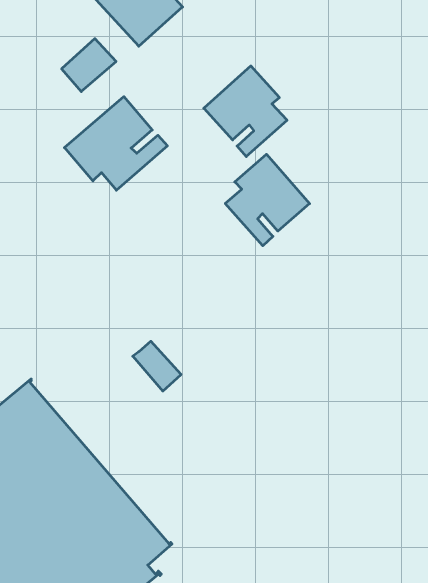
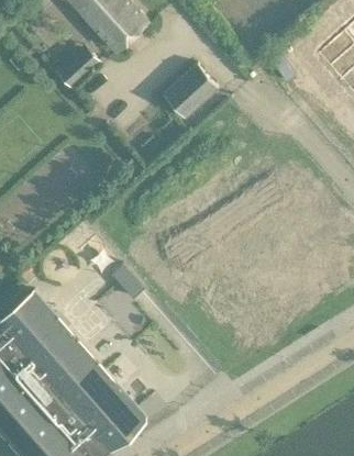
building: [64,97,167,190] -> none
building: [225,154,310,246] -> none

